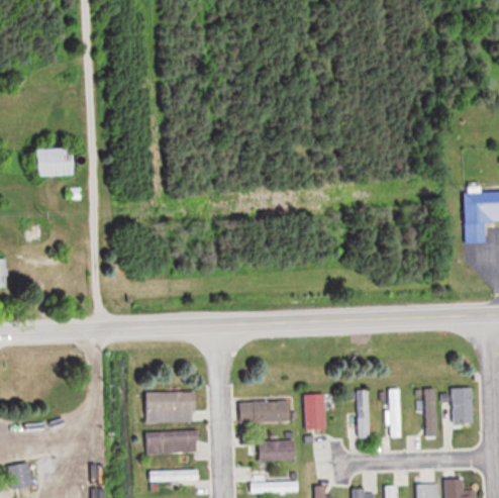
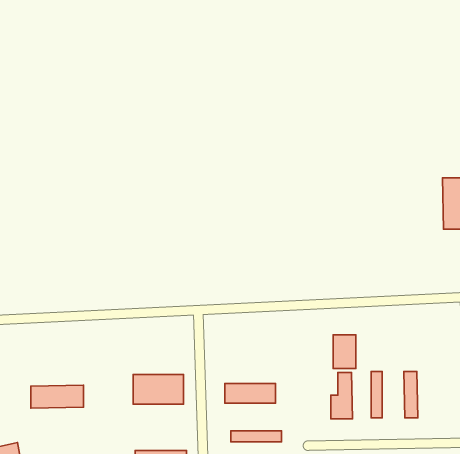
building: [39,146,76,176] -> none
building: [451,389,473,423] -> none
building: [302,394,325,428] -> [333,335,356,368]
building: [144,430,198,454] -> [31,385,83,408]

